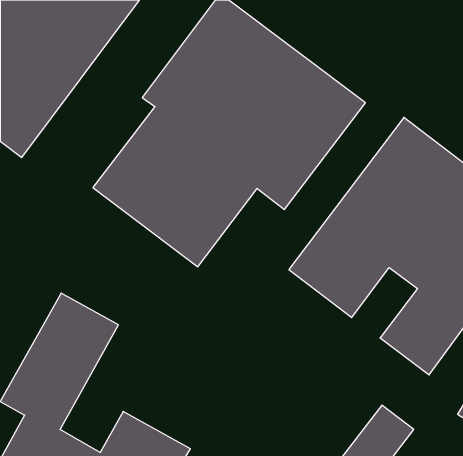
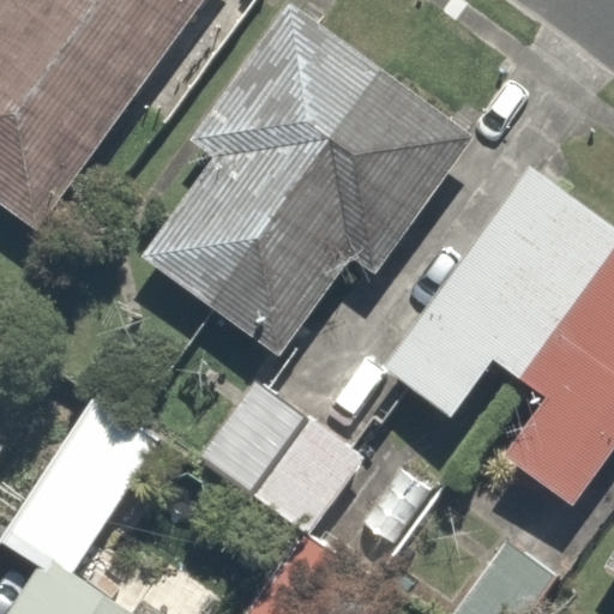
building: none -> [201,384,367,537]

